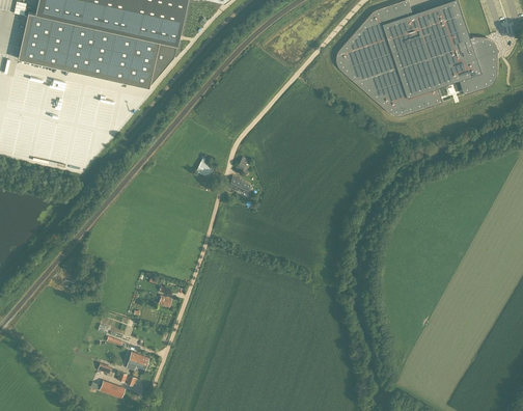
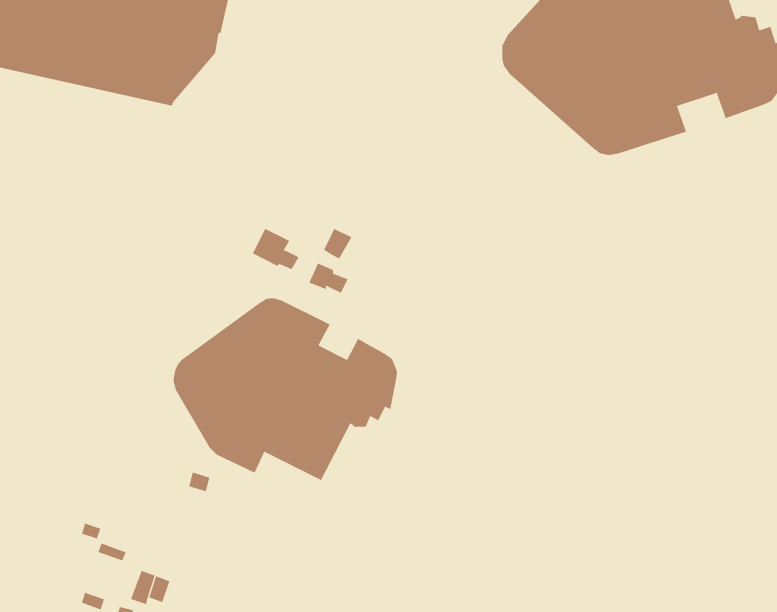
building: none -> [173,297,398,481]

